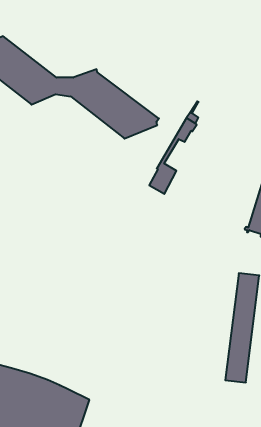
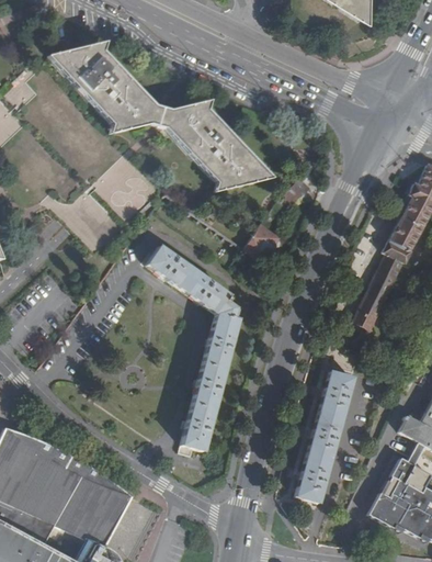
building: none -> [147,246,240,457]

